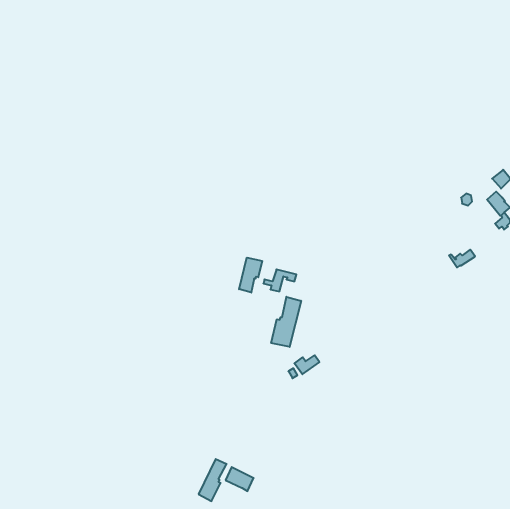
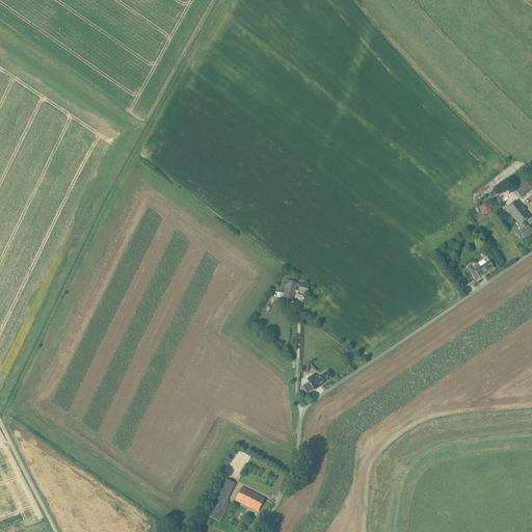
building: [239,258,262,293] -> none
building: [271,297,301,347] -> none

